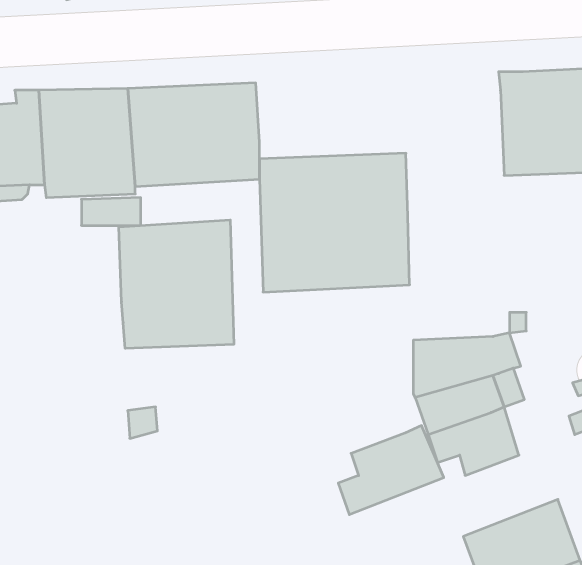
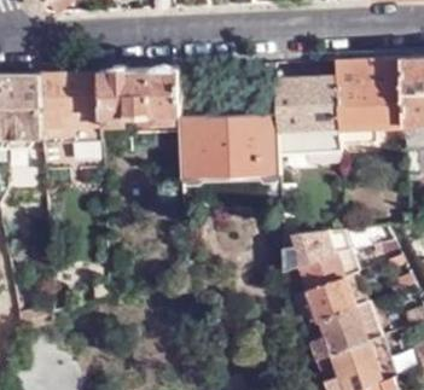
building: none -> [275,71,341,153]
building: [119,220,234,348] -> none
building: [338,426,444,515] -> [307,304,376,362]

